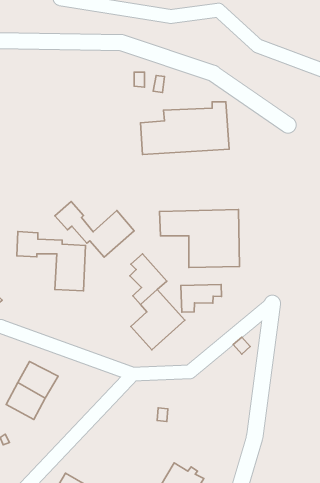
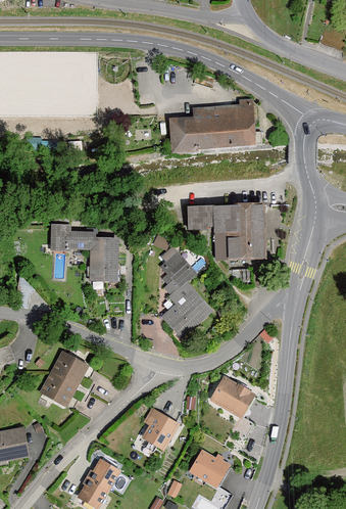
building: [55,202,134,257] -> none
building: [181,284,221,312] -> none
building: none -> [208,376,253,419]
building: none -> [140,409,178,452]

